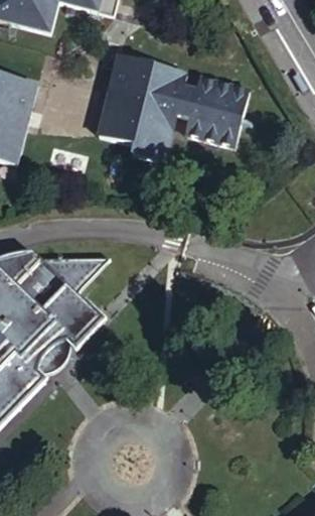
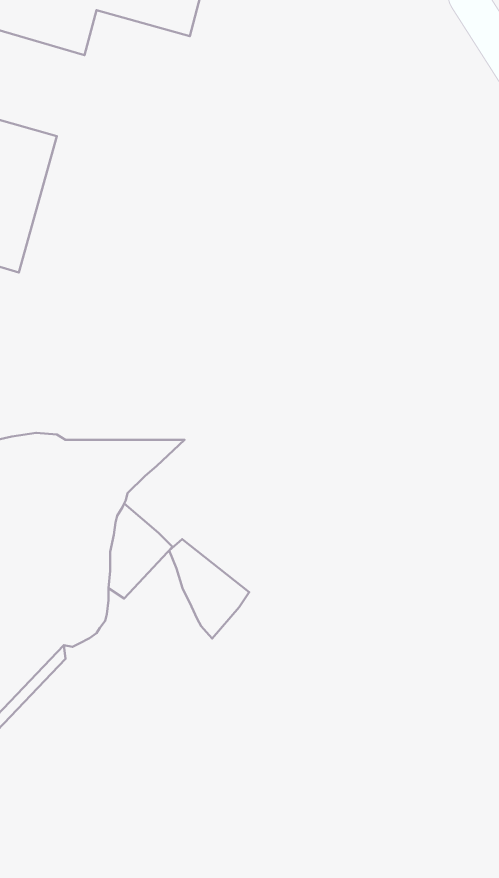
building: [98,55,252,164] -> none
building: none -> [169,539,249,639]

